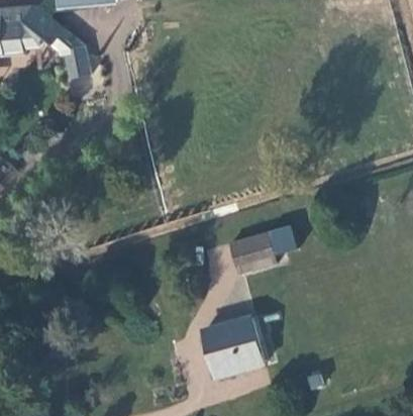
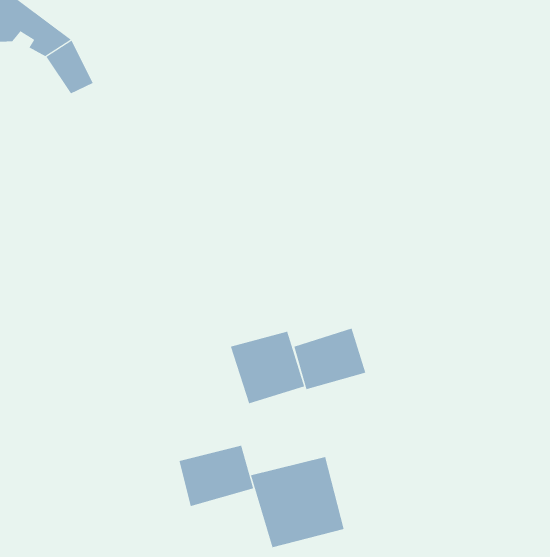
building: none -> [230,331,305,404]
building: none -> [179,445,254,507]

